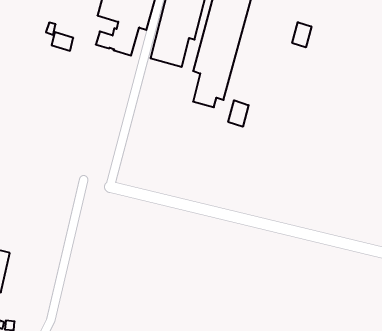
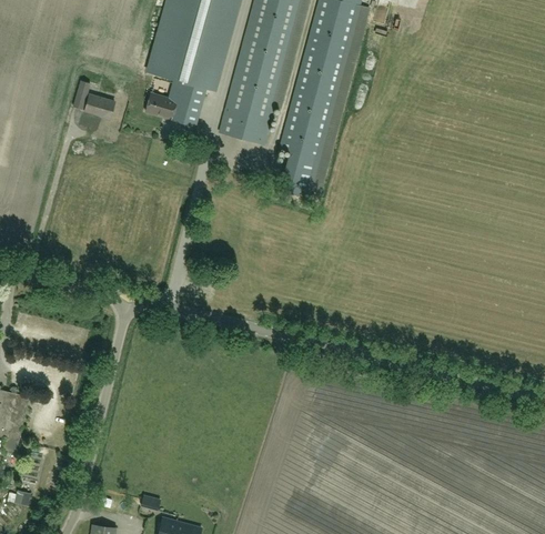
building: [292,22,311,47] -> none
building: [228,100,249,127] -> none

